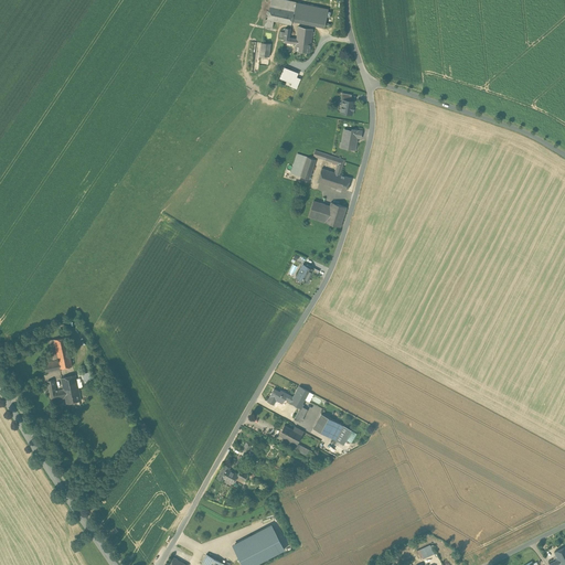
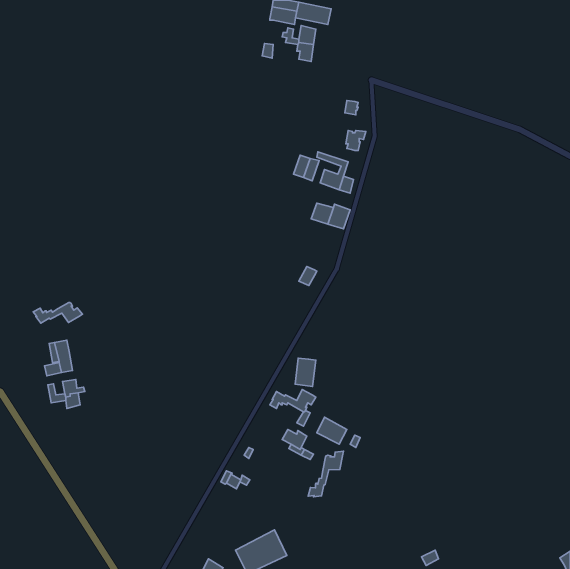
building: none -> [33,302,82,323]
building: none -> [295,358,316,386]
building: none -> [308,451,343,497]

